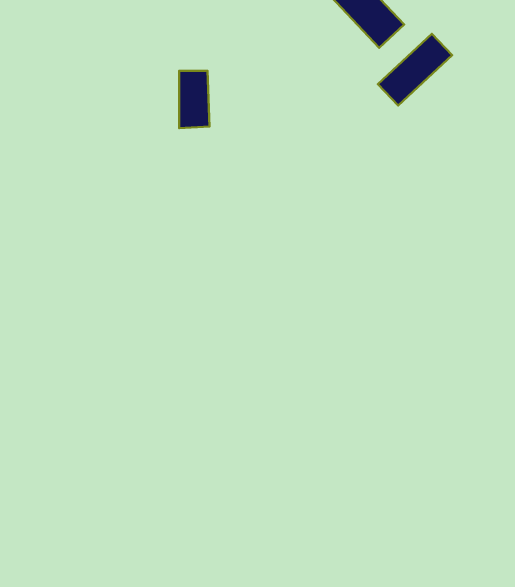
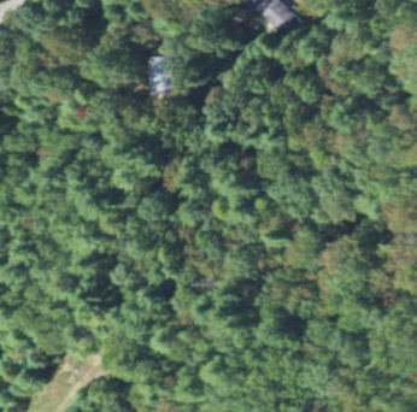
building: [378,34,452,106] -> none

